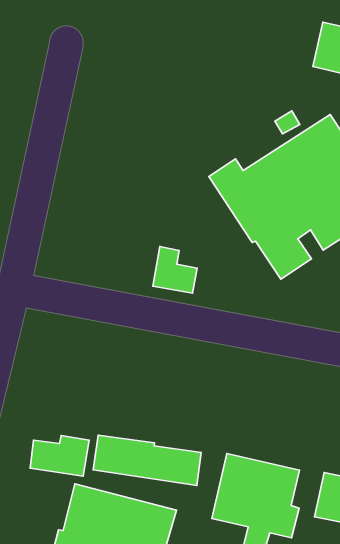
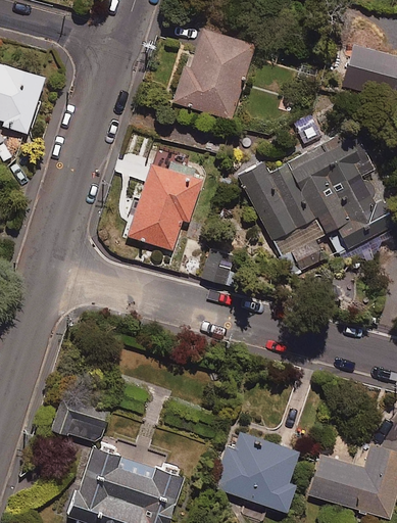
building: none -> [172,28,255,120]
building: none -> [129,147,202,250]
building: [93,435,201,485] -> none

